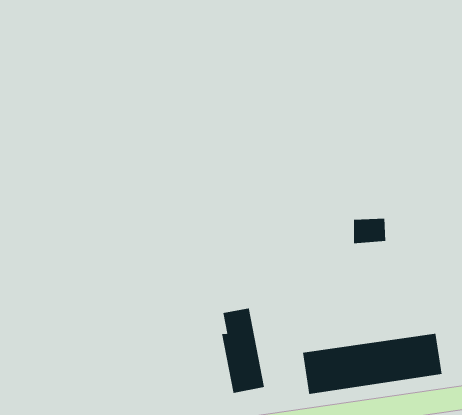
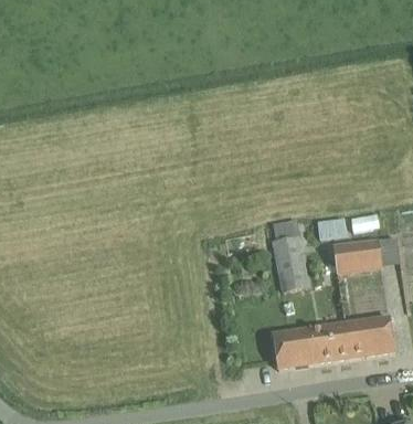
building: none -> [333,239,381,272]
building: [221,308,265,393] -> [272,215,309,289]

